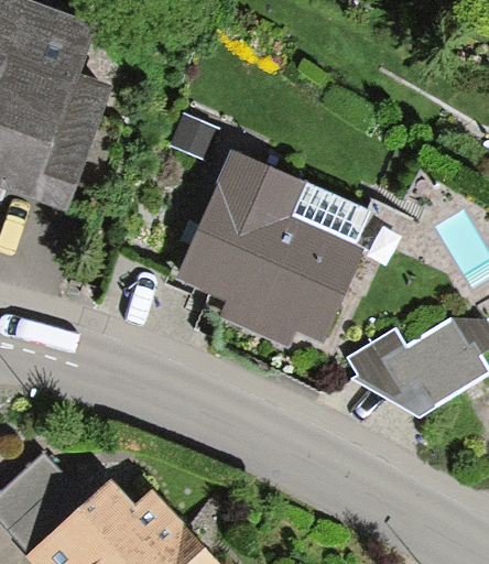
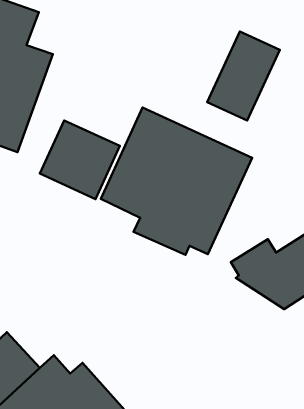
building: none -> [207,31,280,121]
building: none -> [40,120,120,199]

